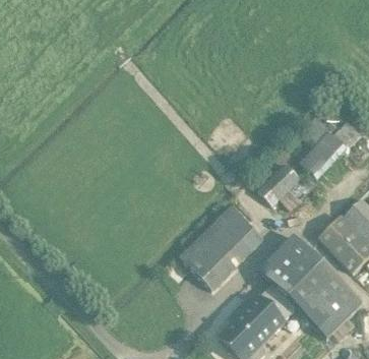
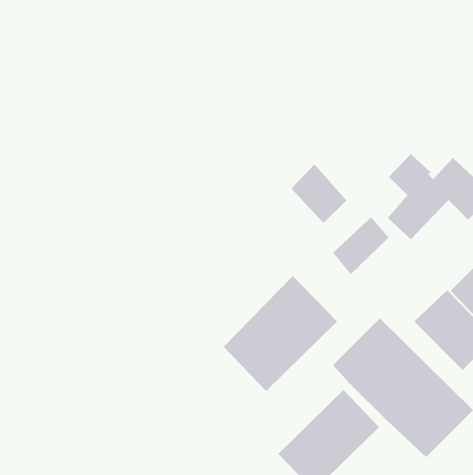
building: none -> [290,164,347,224]

